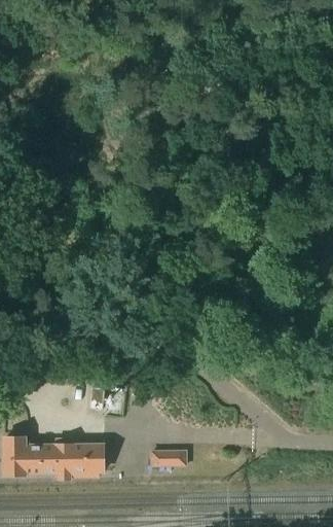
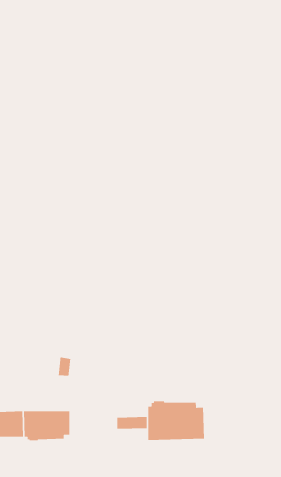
building: none -> [147,401,205,441]

